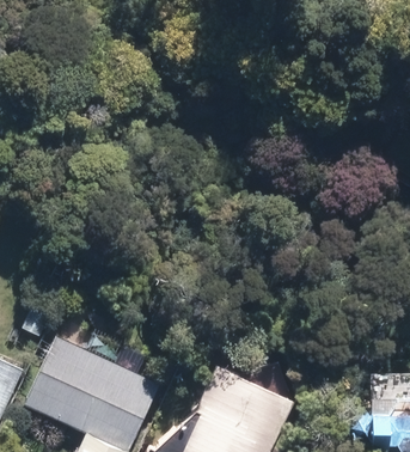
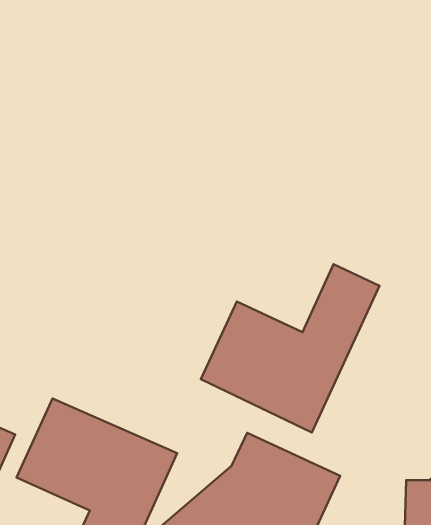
building: none -> [201,264,380,432]

